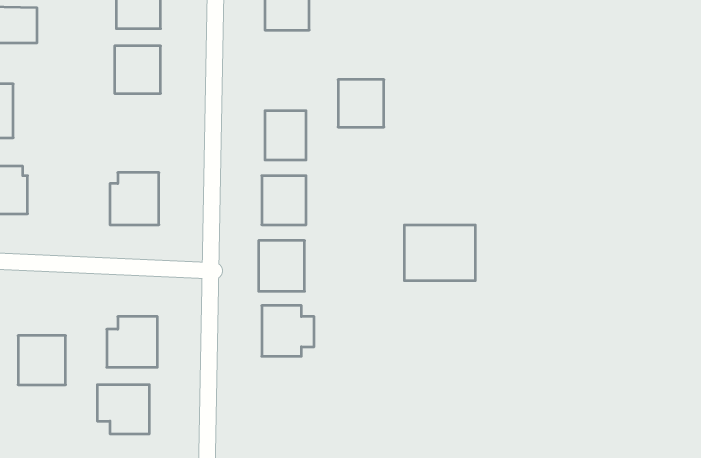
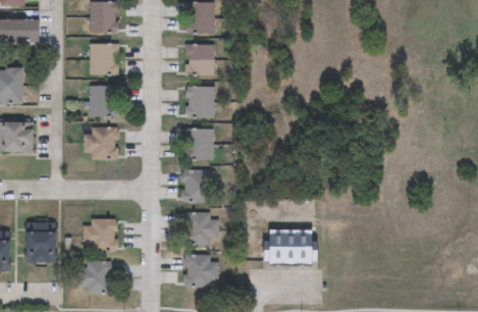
building: [338,80,384,127] -> [184,45,214,75]
building: none -> [89,85,112,115]
building: [404,225,475,281] -> [268,228,314,264]
building: none -> [182,254,217,285]

